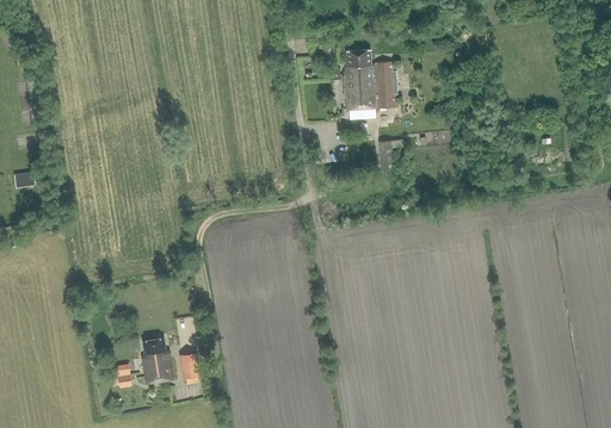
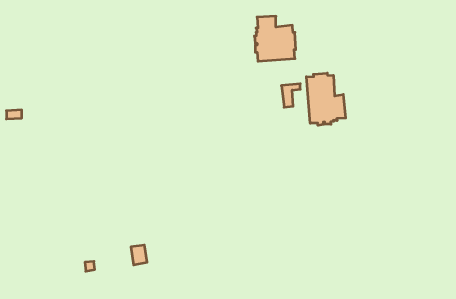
building: none -> [306,73,346,125]
building: [142,337,172,383] -> none

